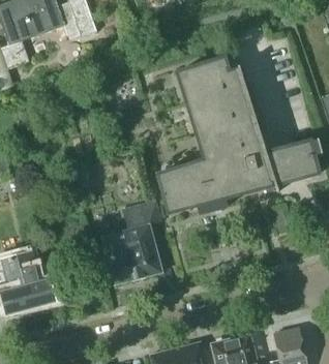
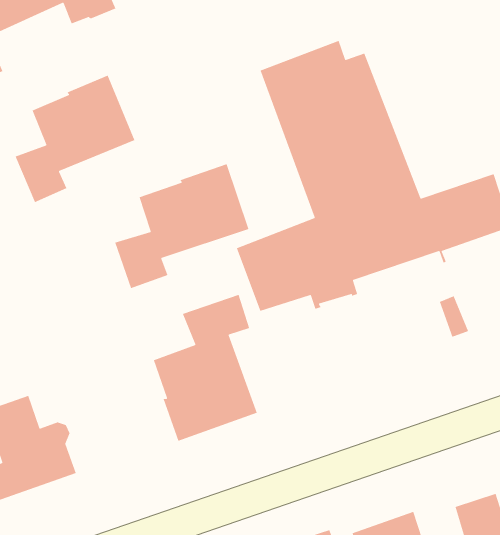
building: none -> [14,75,135,203]
building: none -> [114,163,249,289]

